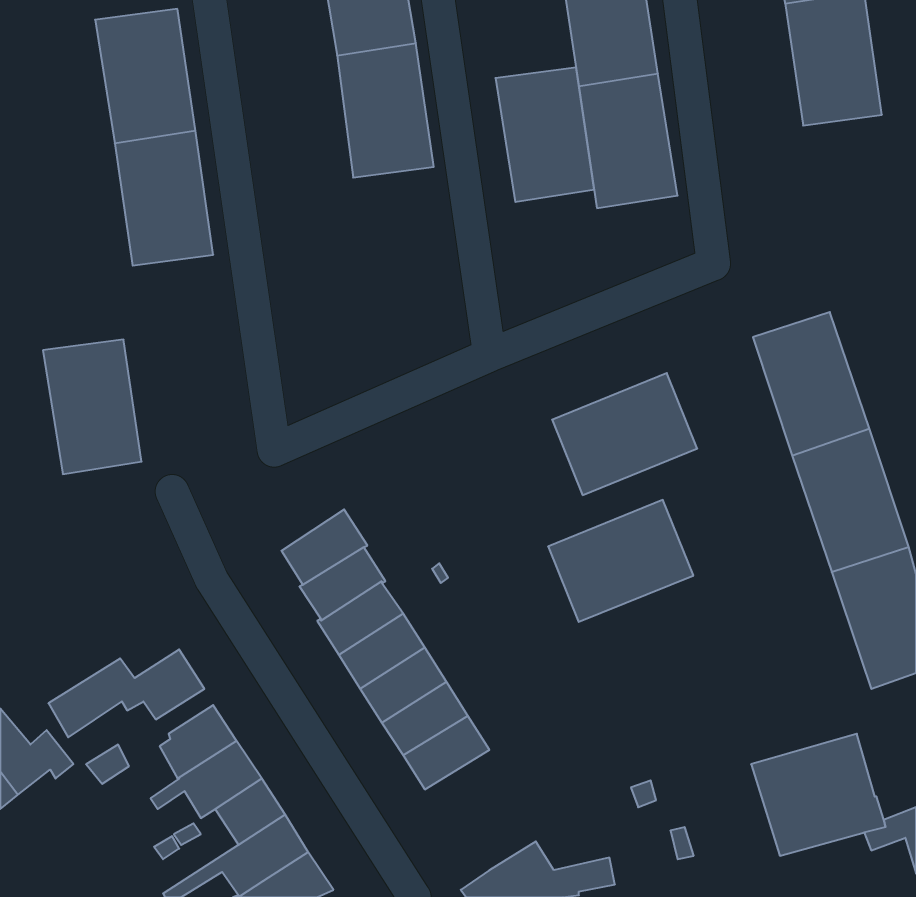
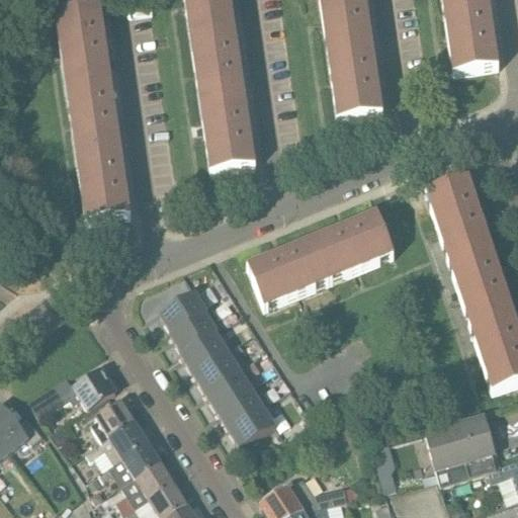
building: [495,67,594,202] -> [199,94,255,170]
building: [43,340,142,474] -> [75,144,131,220]
building: [548,500,693,622] -> [247,237,329,306]

